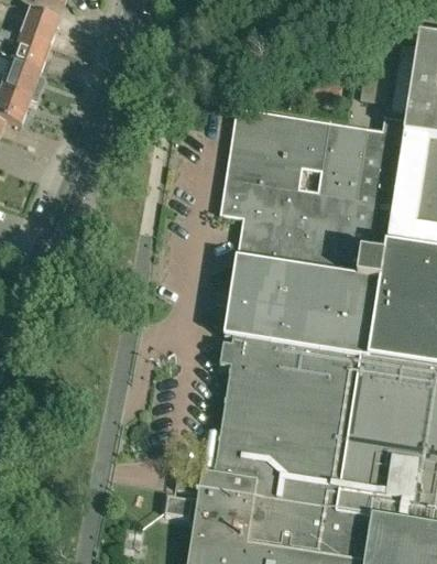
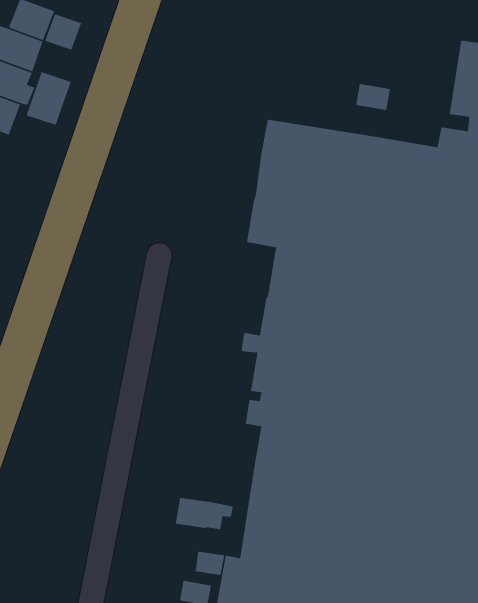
building: none -> [44,13,82,51]
building: none -> [25,71,72,126]
building: none -> [175,497,234,530]

